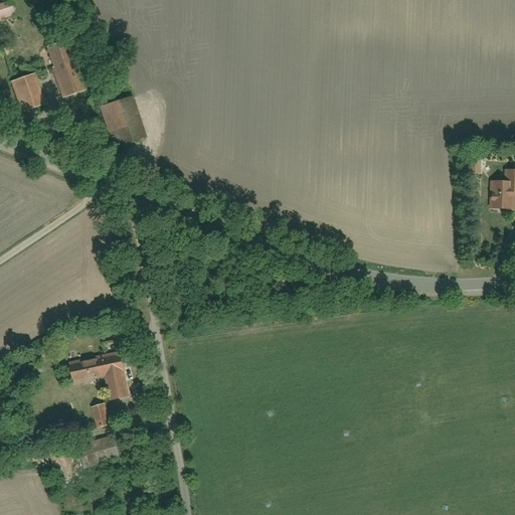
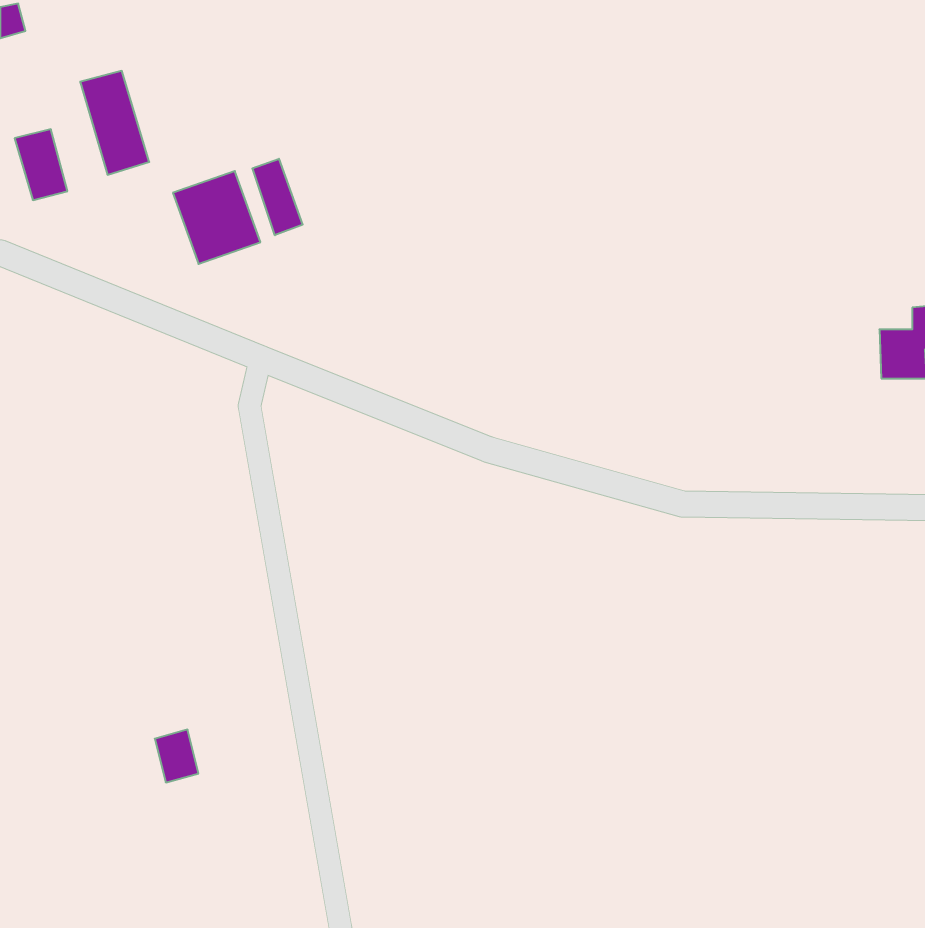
building: none -> [252,159,303,235]
building: [68,350,127,399] -> none
building: [81,438,122,468] -> none

